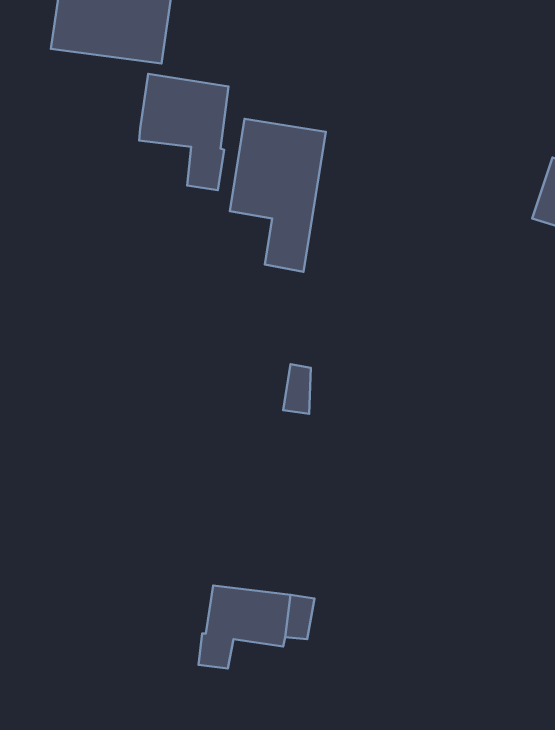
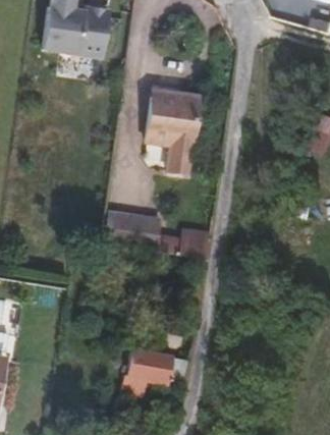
building: [139,74,229,190] -> none
building: none -> [101,211,156,249]

